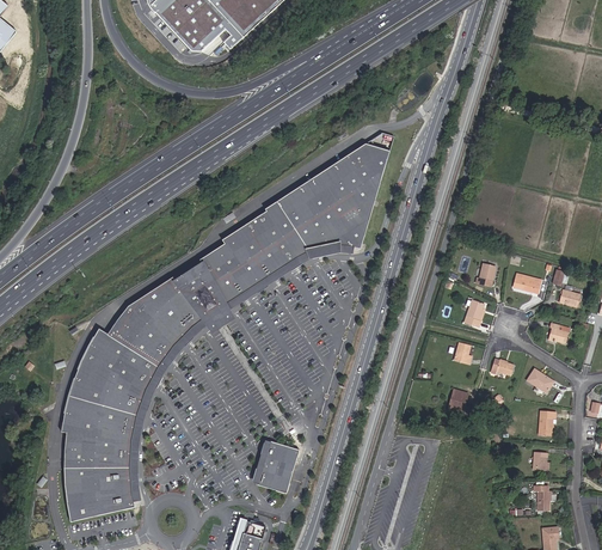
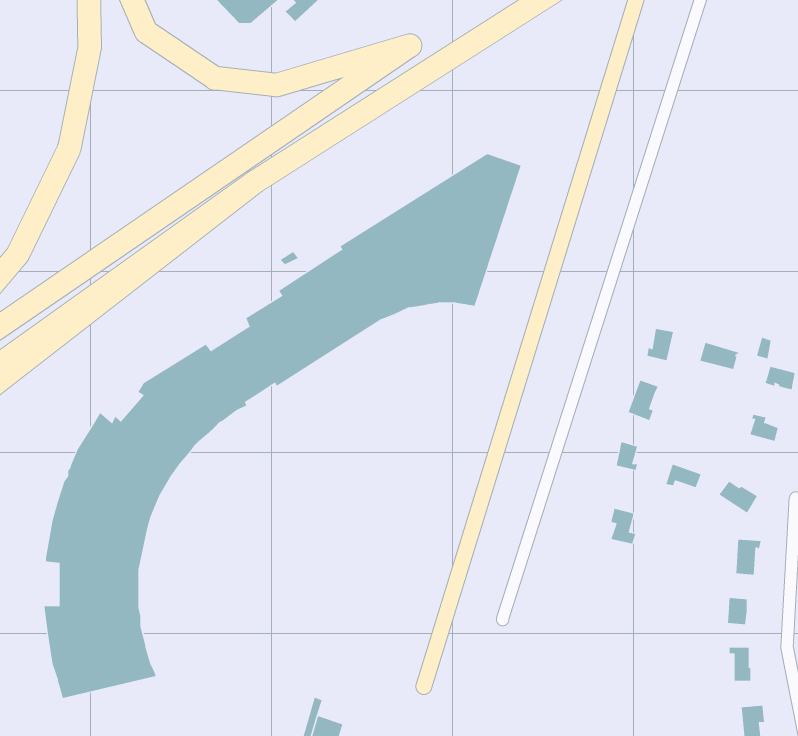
building: [123,245,343,502] -> none
building: [257,442,300,495] -> none

